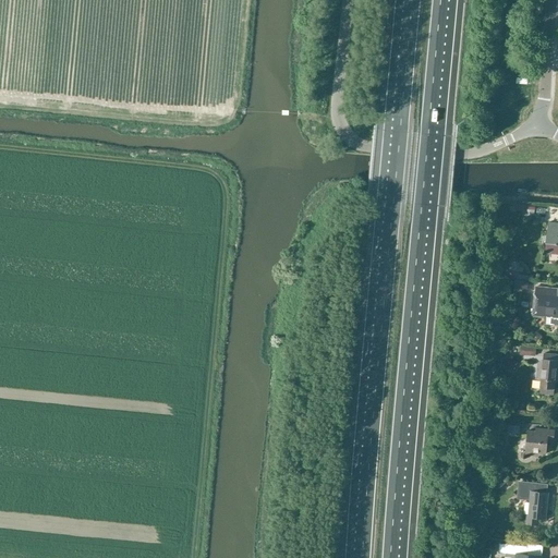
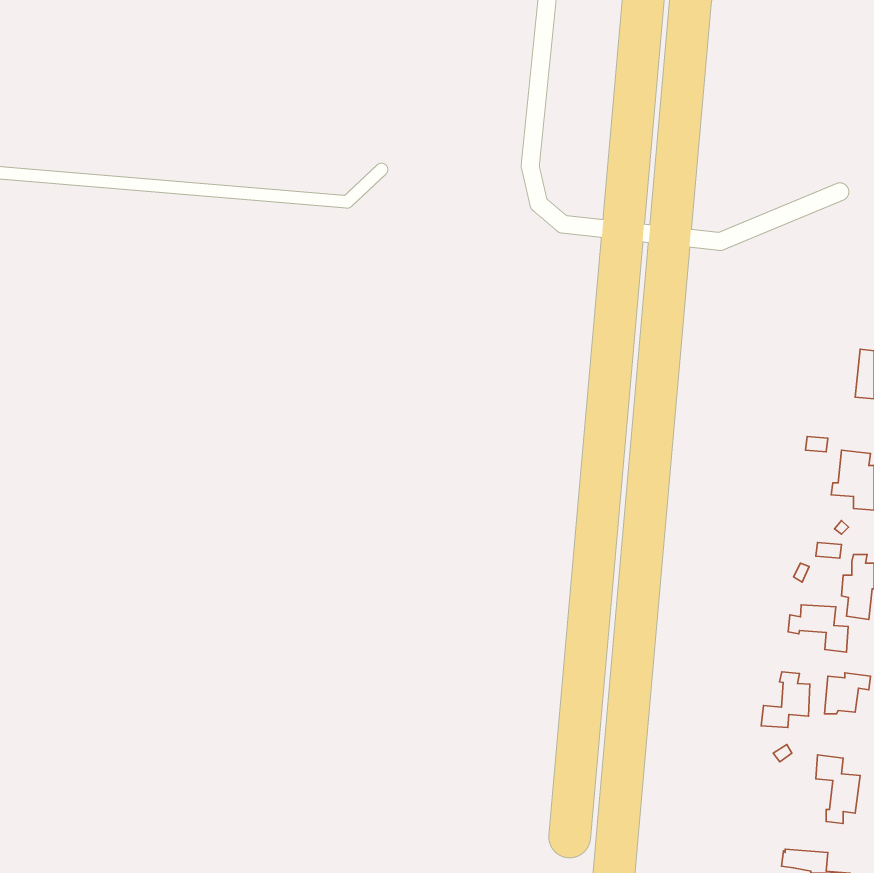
building: none -> [788,605,848,652]
building: none -> [761,672,810,727]

